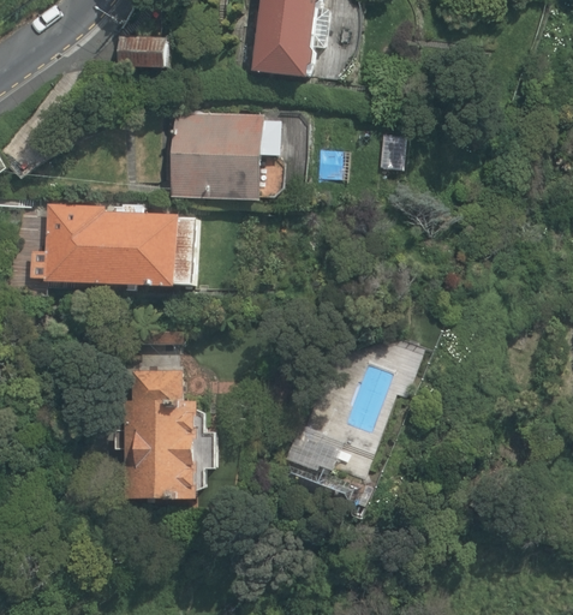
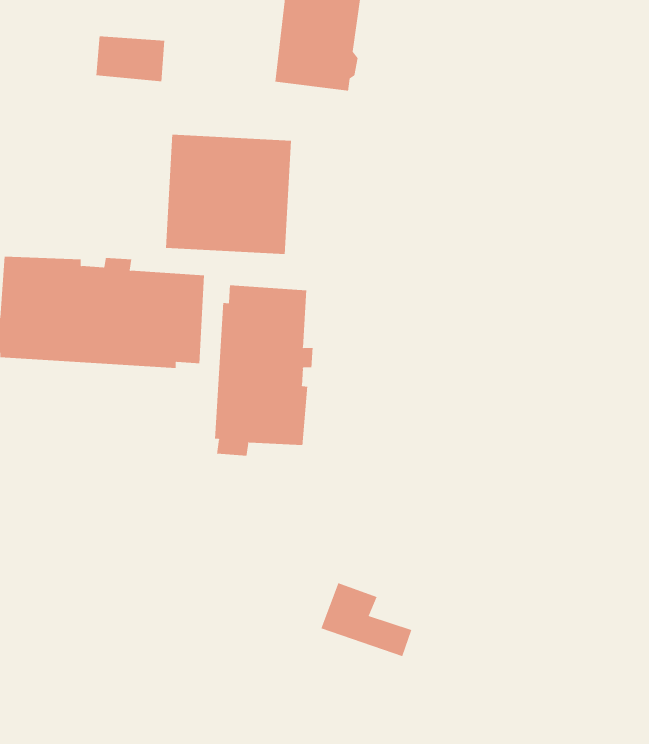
building: none -> [214,284,313,456]
building: [112,368,215,496] -> none

